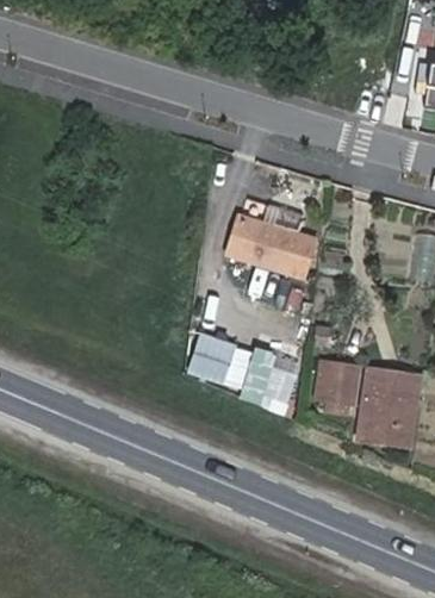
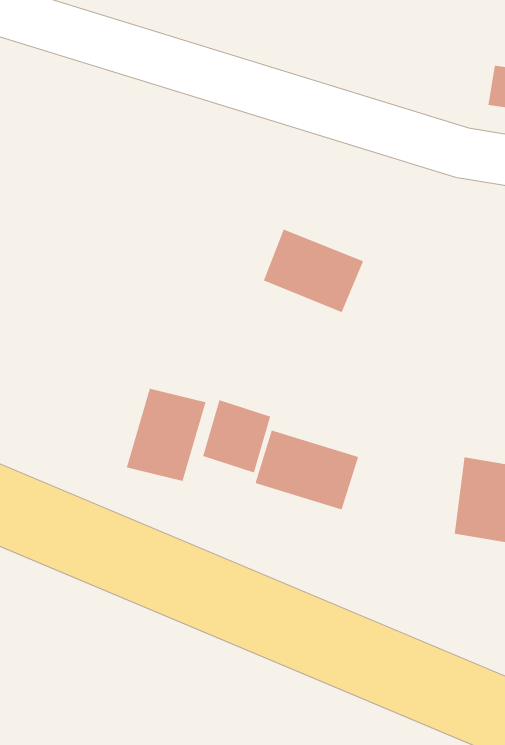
building: none -> [126,388,207,482]
building: [312,360,359,412] -> none

